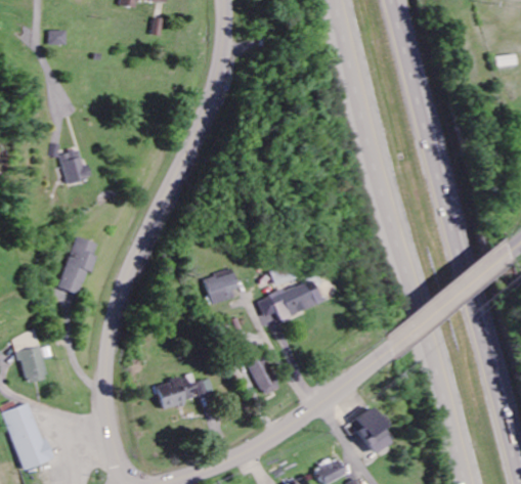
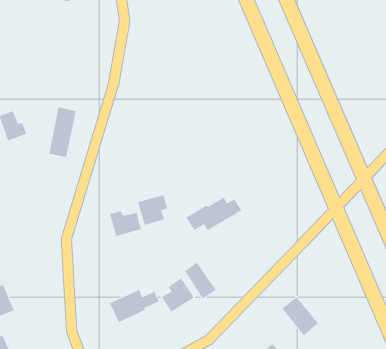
building: [57,235,96,295] -> [48,107,77,157]
building: none -> [109,210,141,237]
building: none -> [161,278,195,313]

